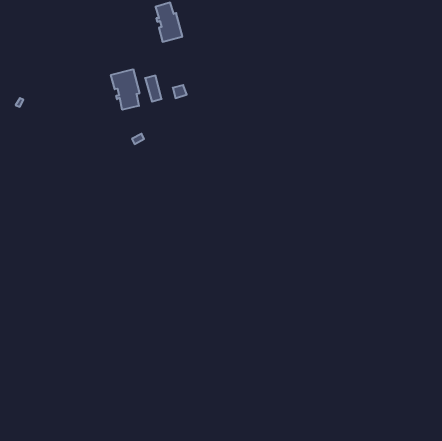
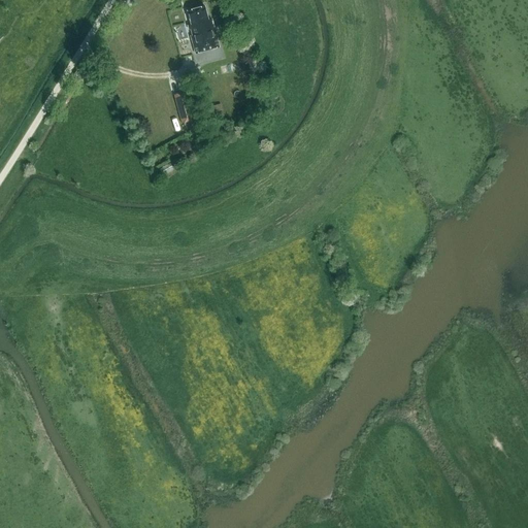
building: [111,69,139,110] -> none

